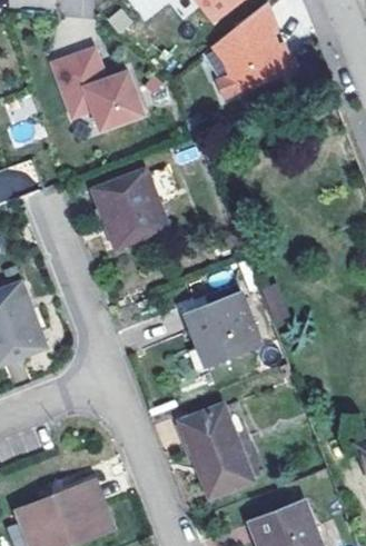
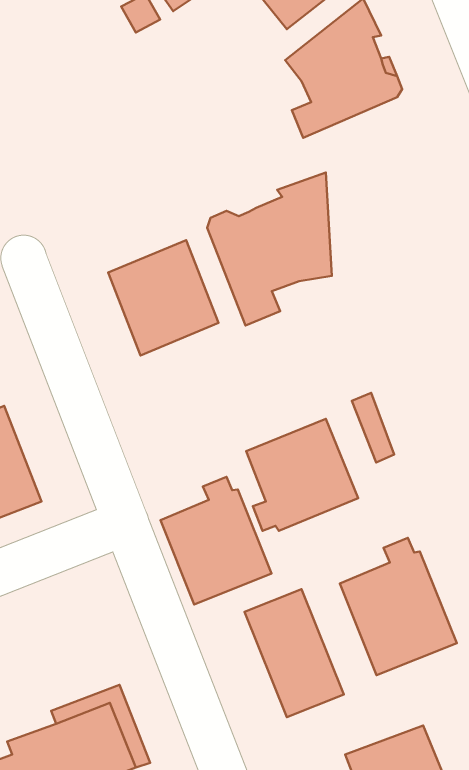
building: [51,49,142,130] -> none
building: none -> [207,173,332,325]
building: none -> [161,477,272,604]
building: none -> [340,538,457,675]

